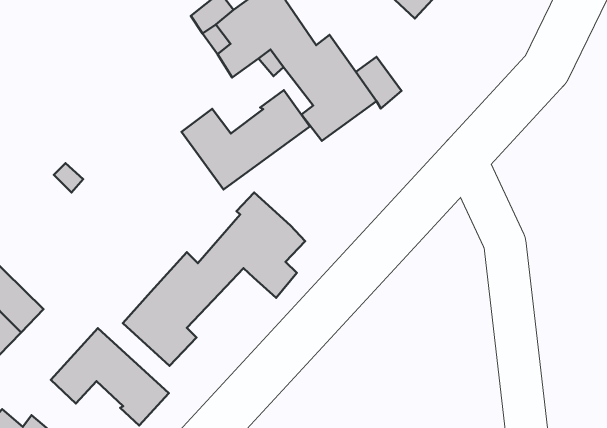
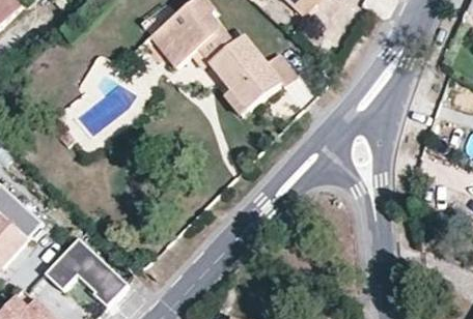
building: [181,90,310,190] -> none
building: [123,192,305,366] -> none

